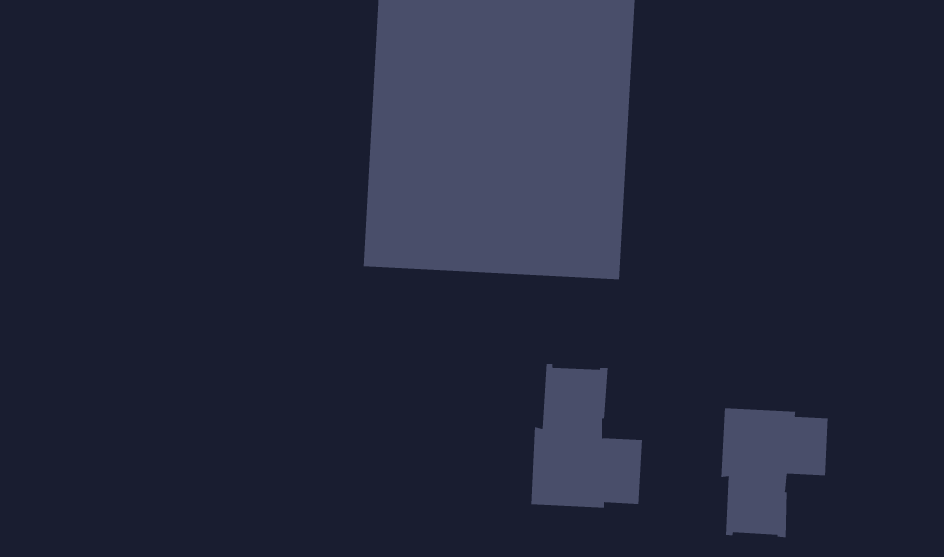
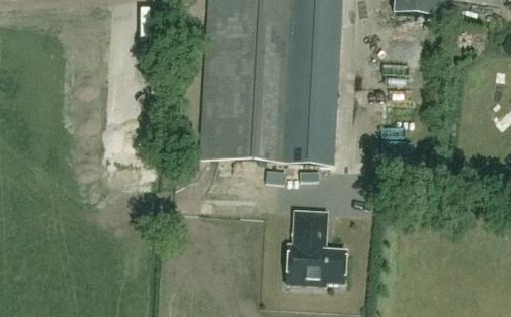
building: [721,407,828,538] -> none

